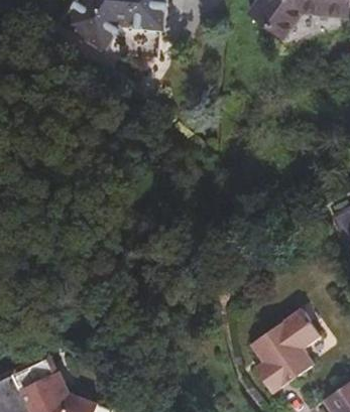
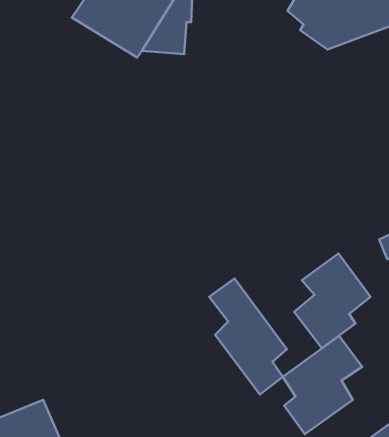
building: none -> [294,253,371,348]
building: none -> [209,278,287,394]

